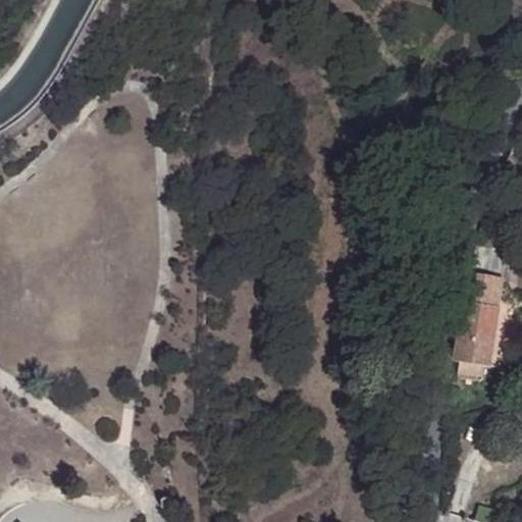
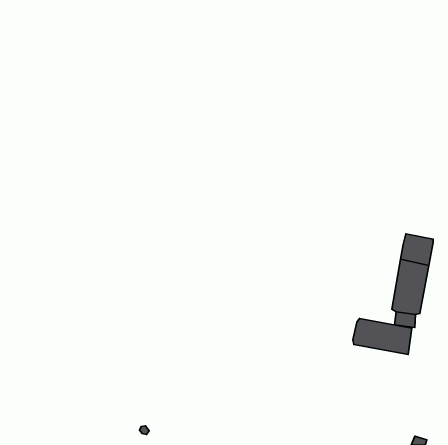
building: none -> [353,319,412,355]

